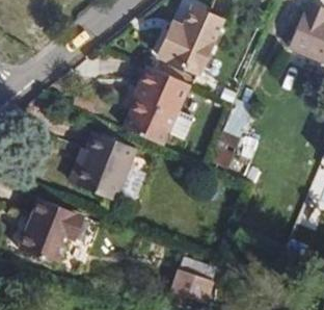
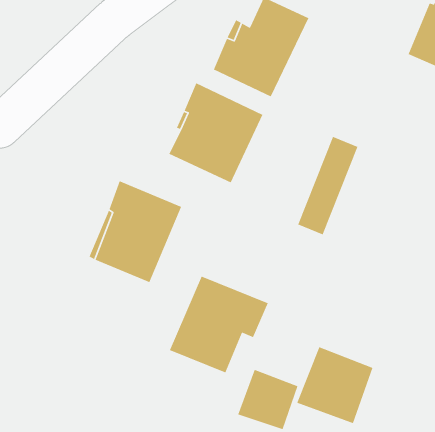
building: [18,198,85,264] -> [169,275,269,374]
building: none -> [296,346,374,424]

